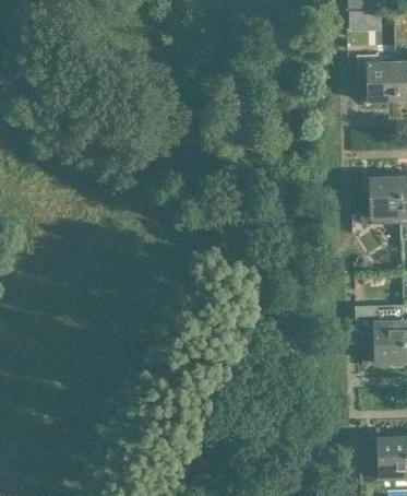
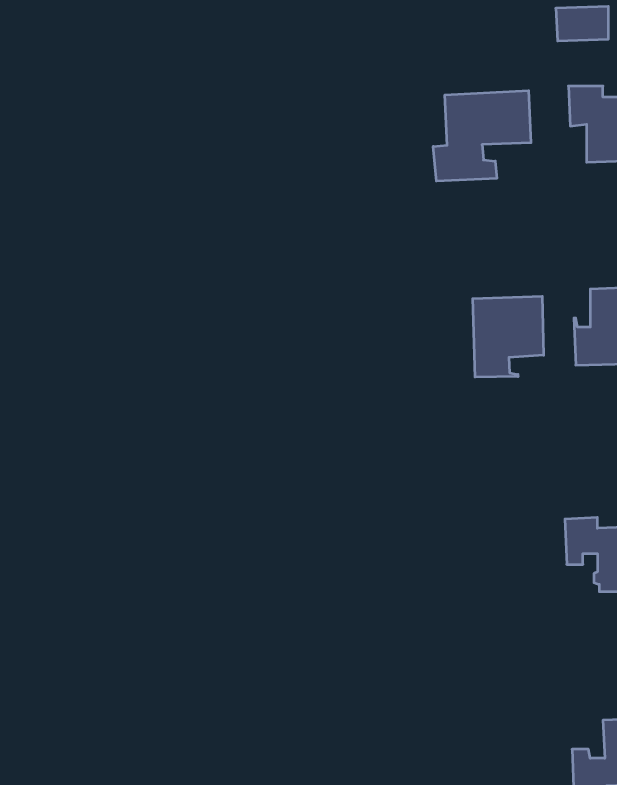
building: none -> [433,91,531,181]
building: none -> [473,296,544,377]

